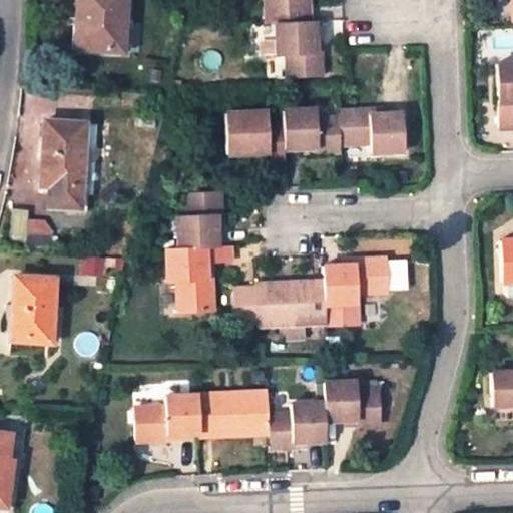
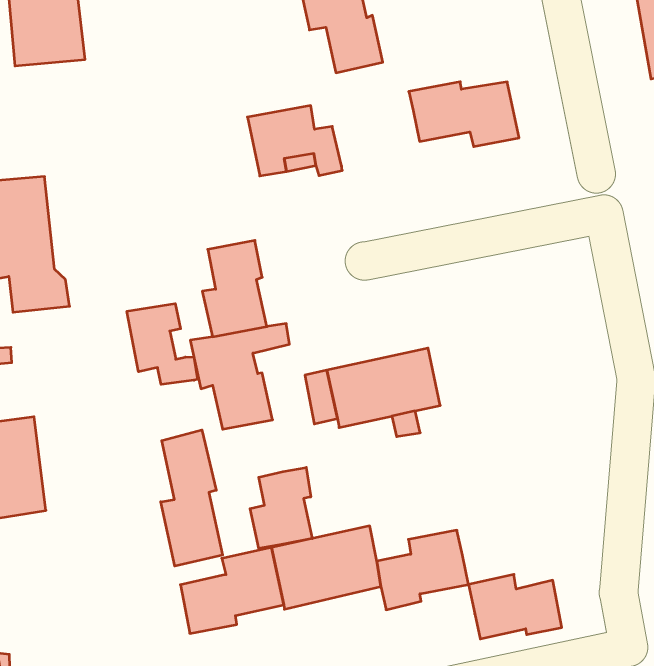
building: [284,112,341,152] -> none
building: none -> [127,304,197,384]
building: [324,258,389,318] -> none
building: none -> [161,430,223,566]
building: none -> [250,467,312,548]
building: [323,380,380,421] -> [469,574,562,639]

